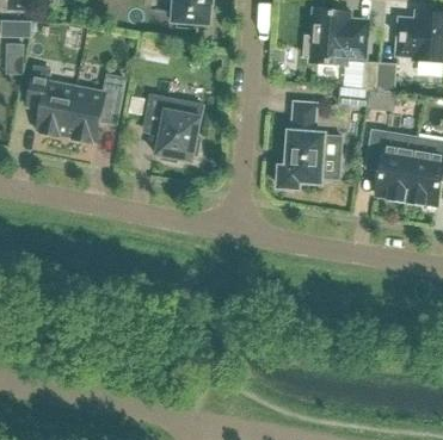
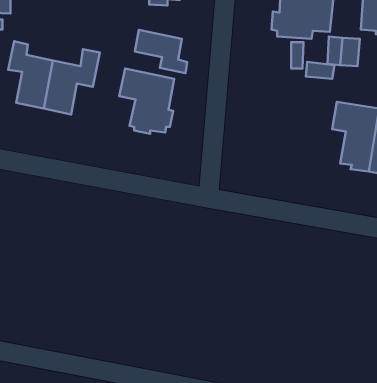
building: none -> [135,30,187,73]
building: [278,103,343,187] -> none

